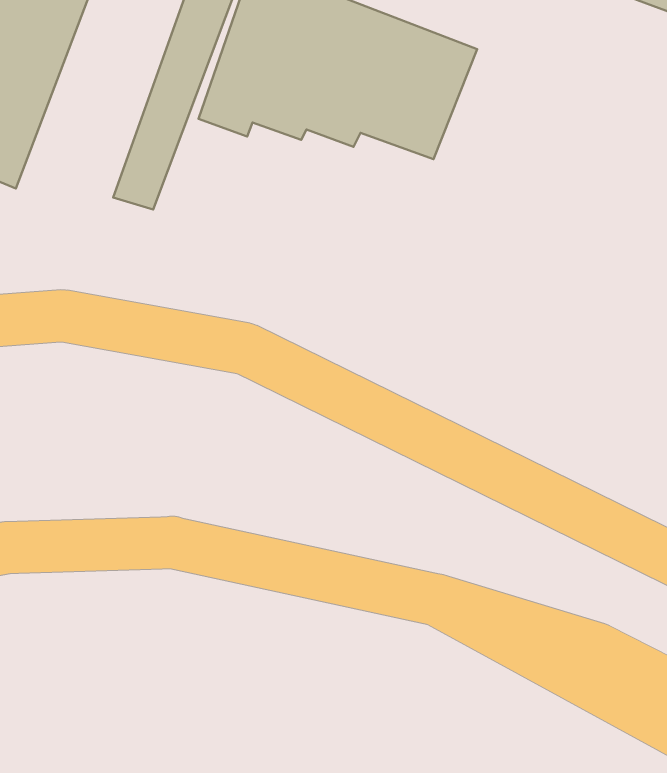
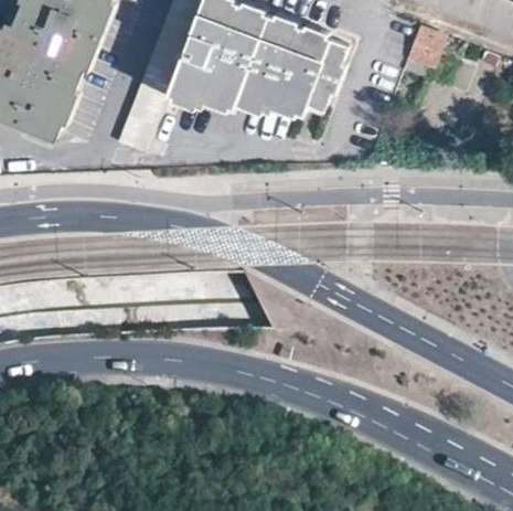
building: none -> [408,25,446,68]

